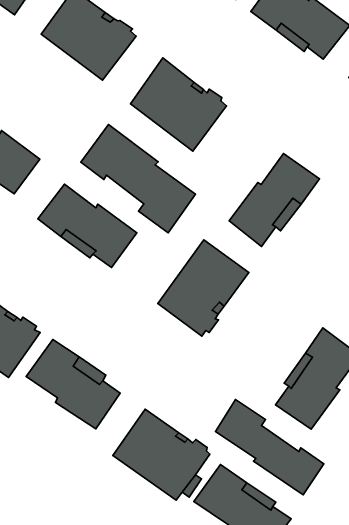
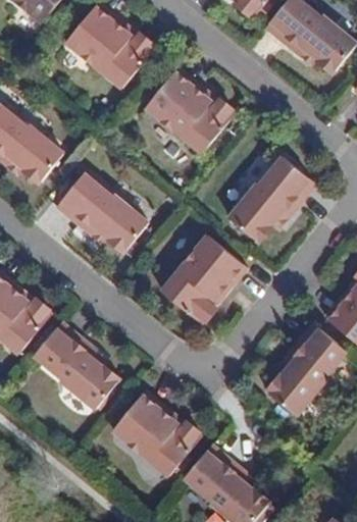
building: [81,125,195,233] -> none
building: [215,400,324,495] -> none

